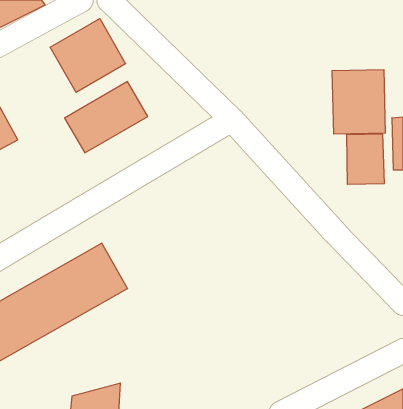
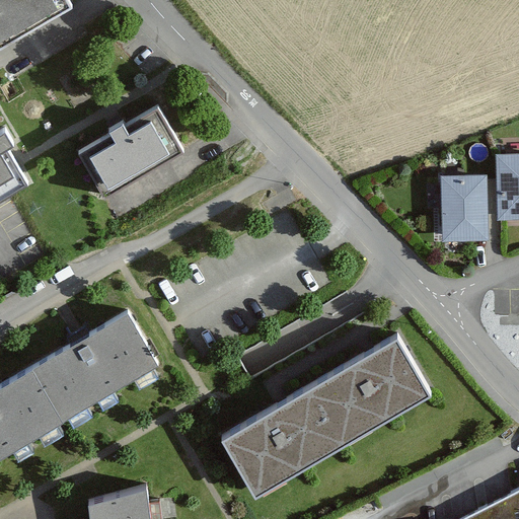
building: [50,19,126,92] -> none
building: [332,70,385,134] -> none
building: none -> [227,333,437,494]

